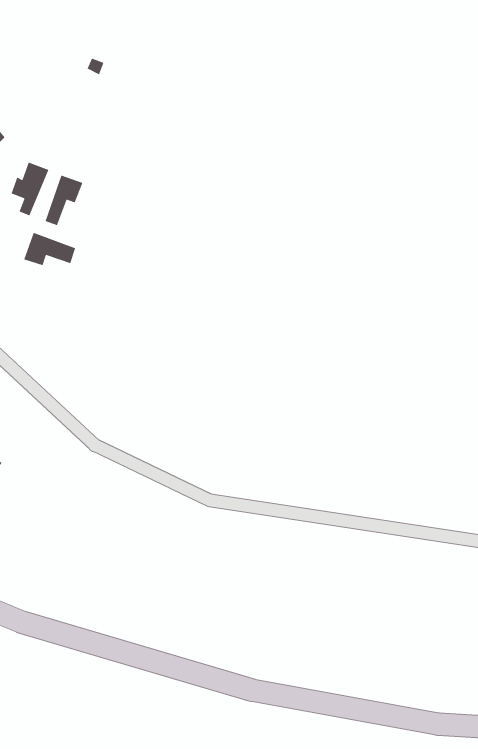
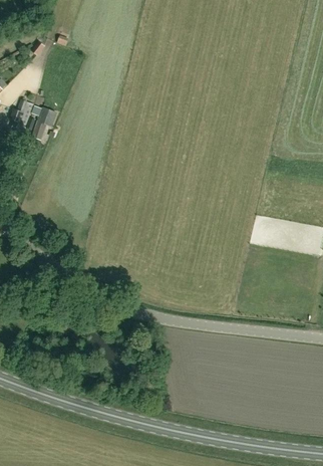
building: [23,232,76,266] -> none

